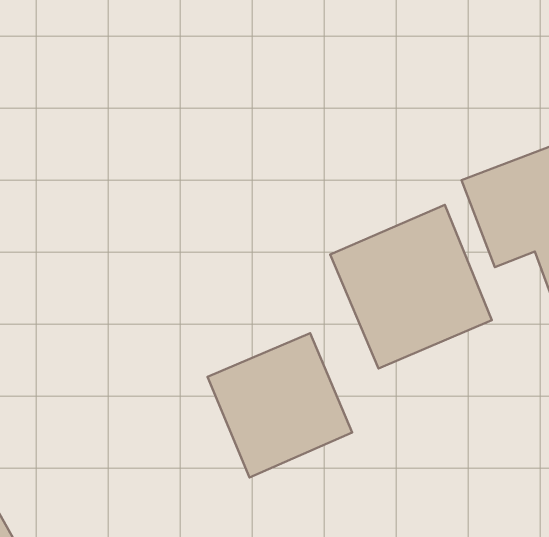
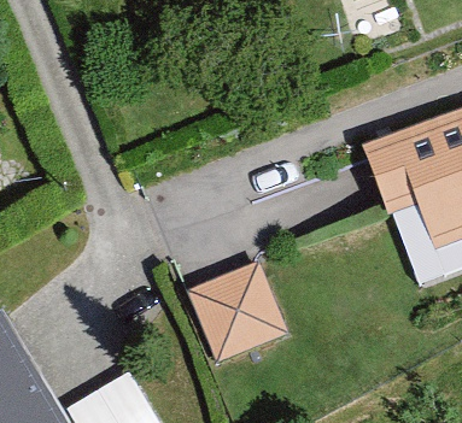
building: [330,205,492,368] -> none

